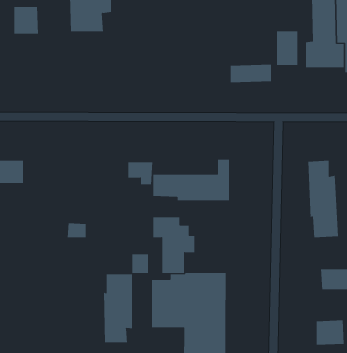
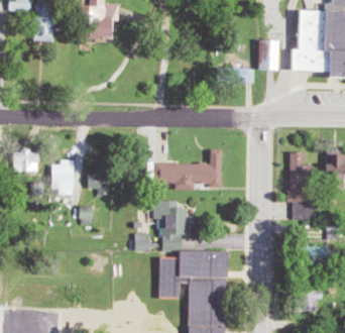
building: [128,162,153,185] -> [87,175,109,195]
building: none -> [50,159,76,196]
building: [104,274,133,343] -> none

